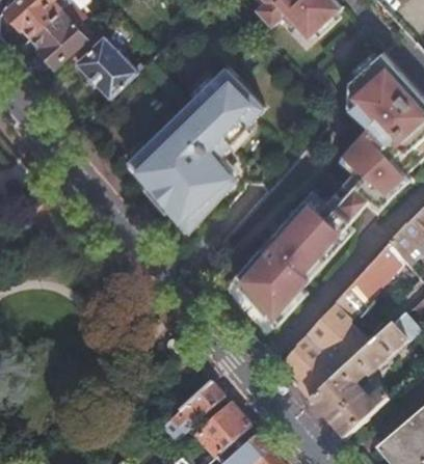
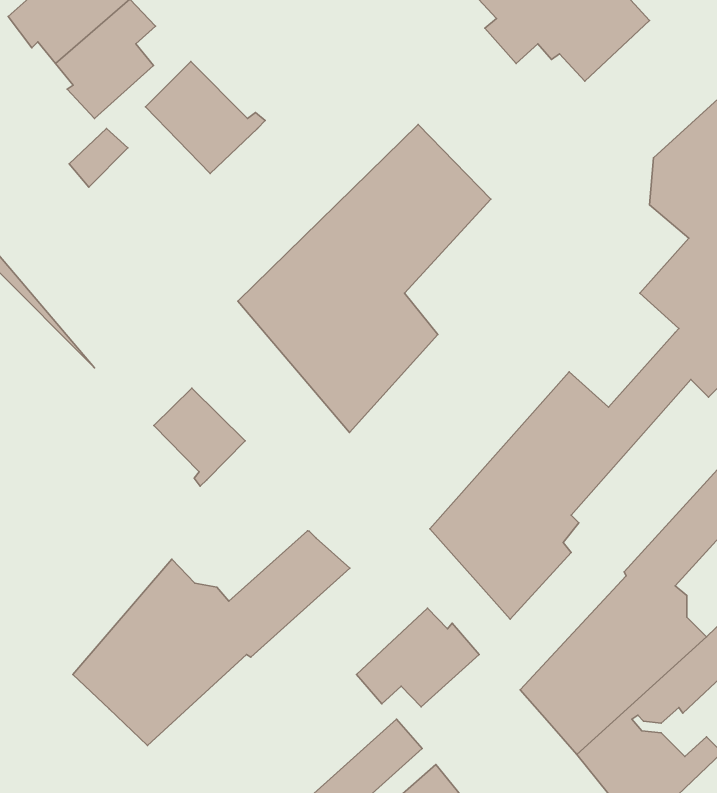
building: none -> [154,388,245,486]
building: none -> [73,531,350,746]
building: none -> [356,608,479,707]

